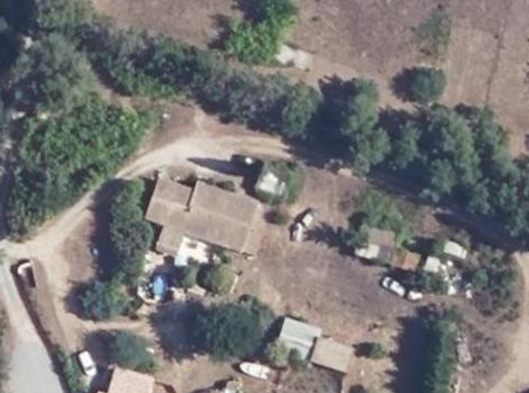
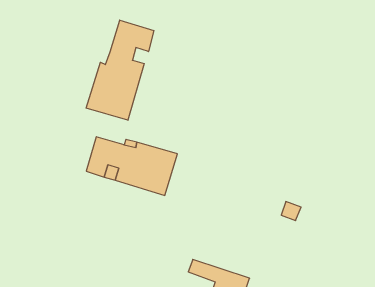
building: none -> [86,20,154,120]

